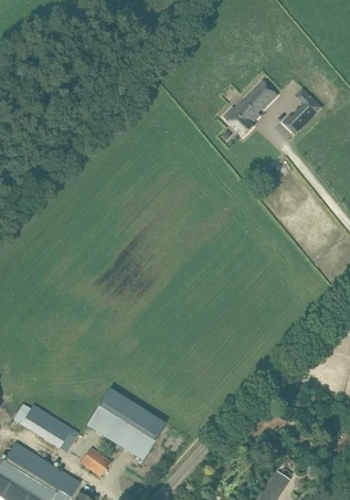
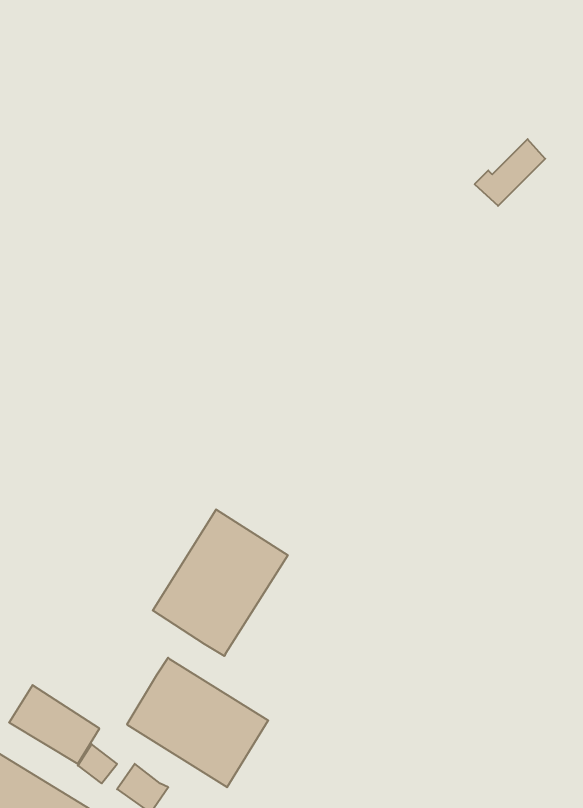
building: [223,79,277,135] -> none
building: none -> [153,509,288,656]

